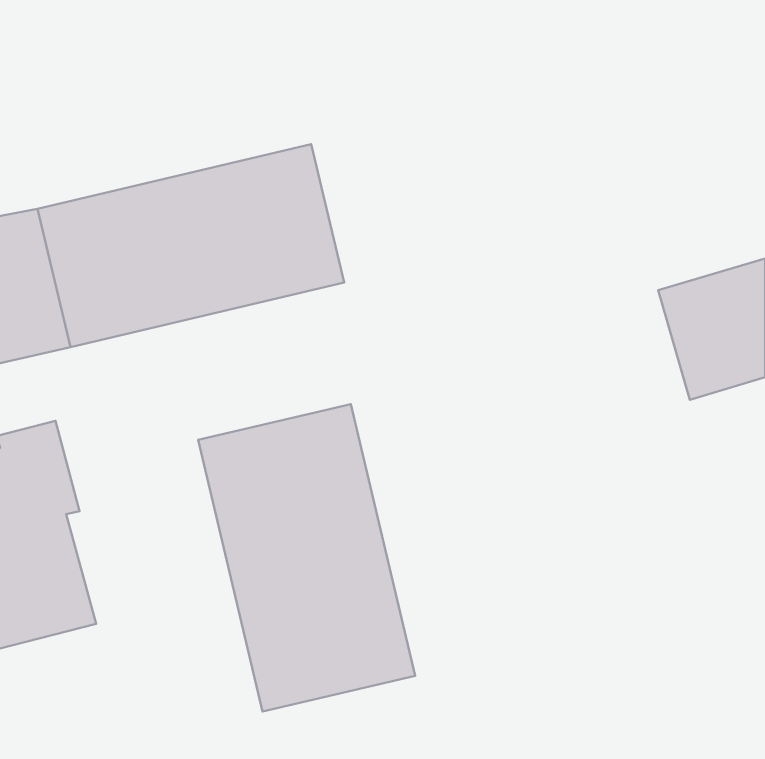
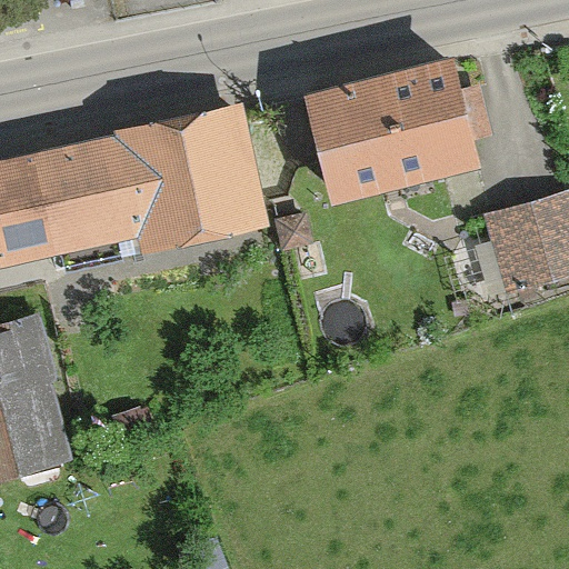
building: none -> [305,60,481,206]
building: [198,404,415,711] -> none

